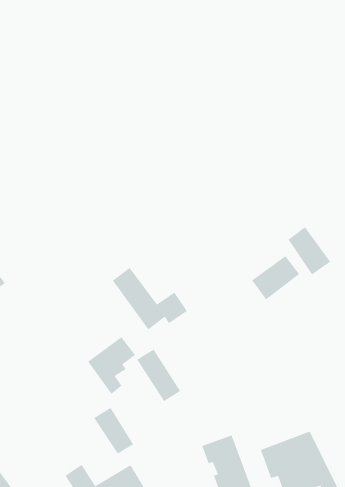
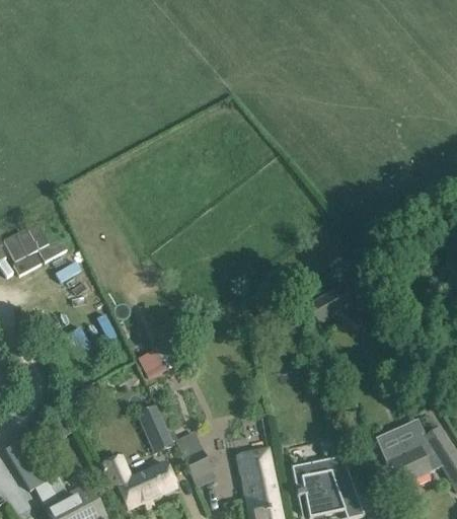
building: [288,226,331,276] -> none
building: [112,267,188,330] -> none
building: [136,349,181,402] -> [176,432,215,485]

